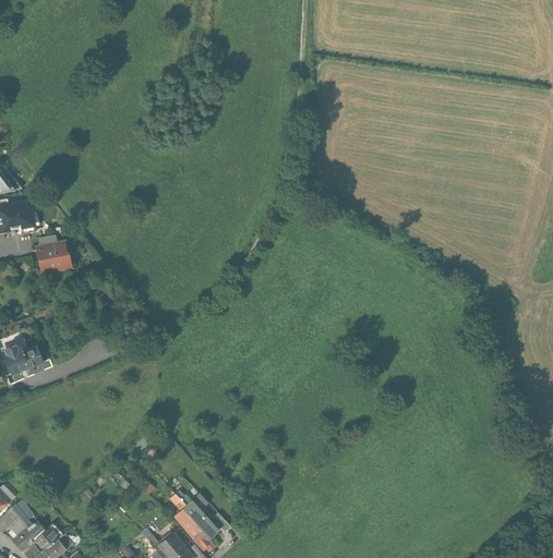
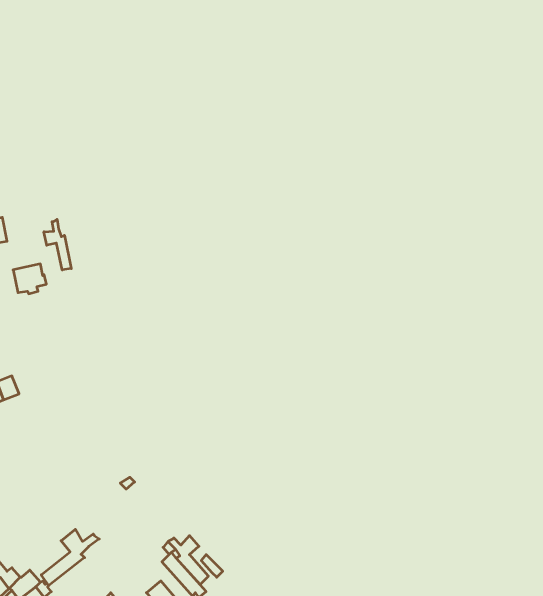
building: none -> [44,219,71,270]
building: none -> [41,529,99,586]

